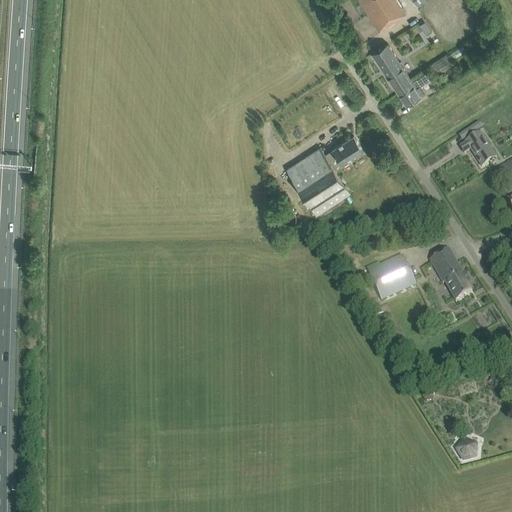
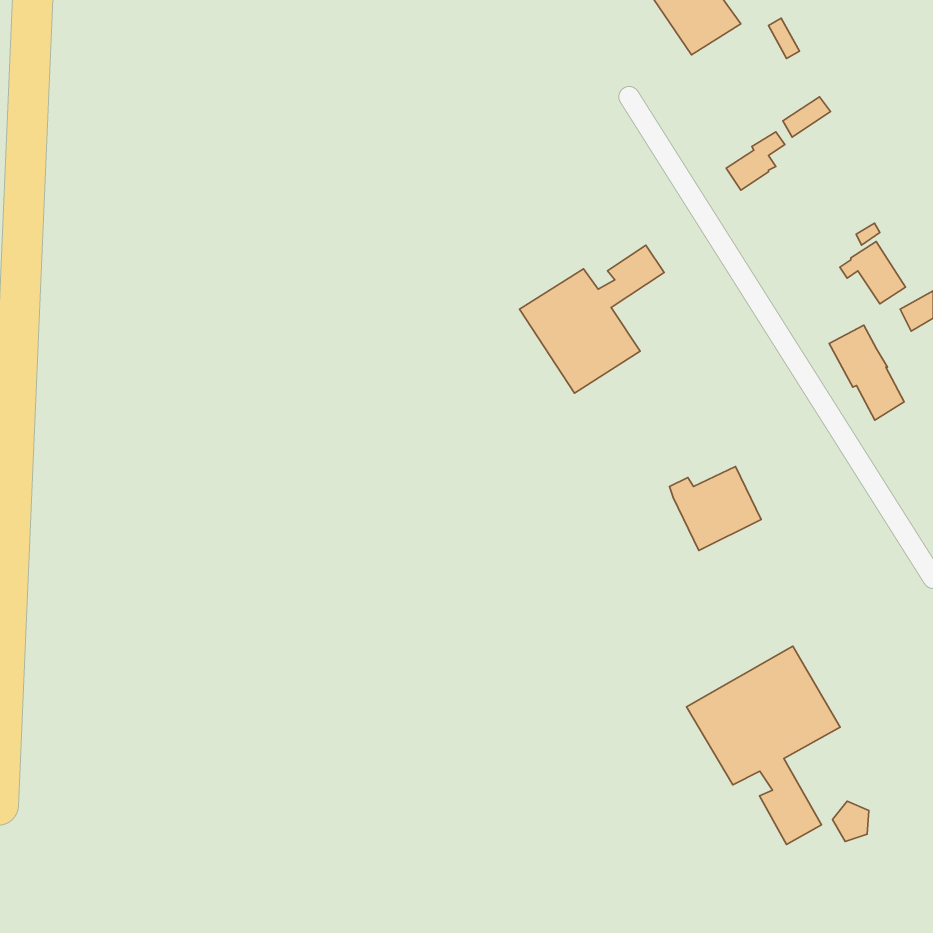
building: [371,42,412,92] -> none
building: [429,249,470,301] -> [829,325,904,420]
building: none -> [687,646,840,844]

